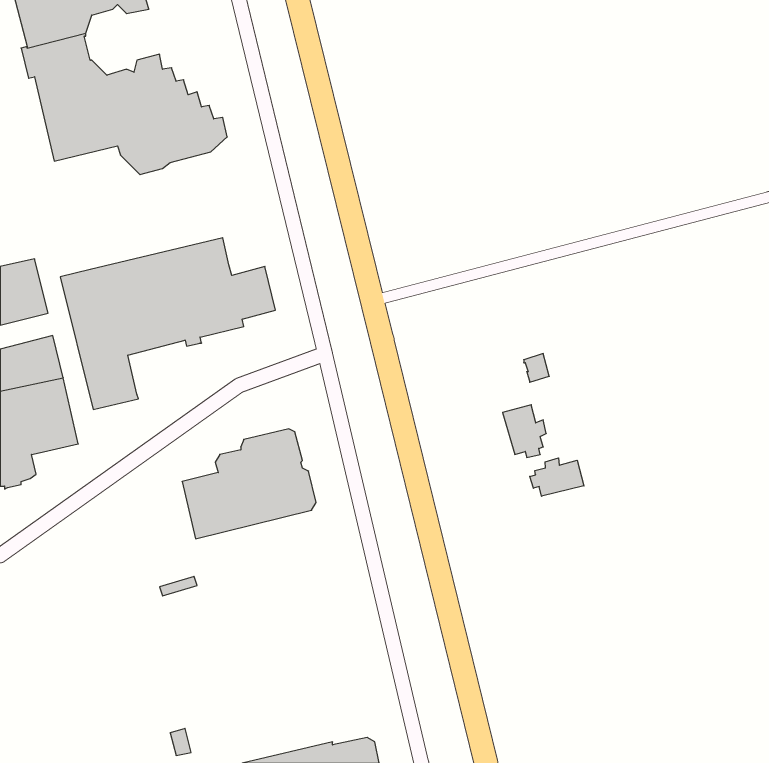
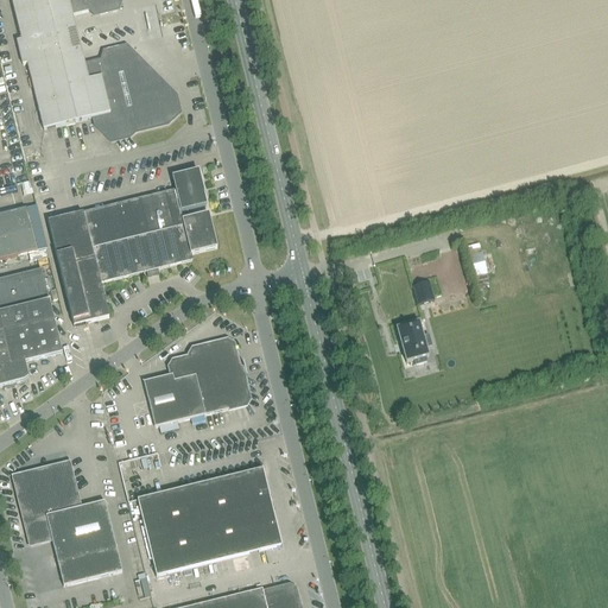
building: none -> [172,167,207,209]
building: [530,458,584,496] -> none
building: none -> [13,461,122,583]
building: none -> [137,466,281,575]

